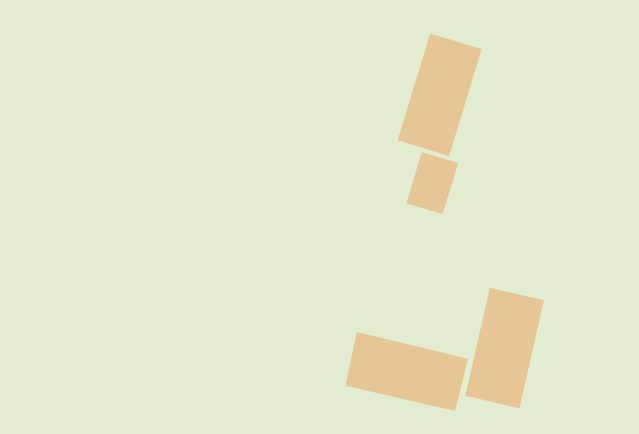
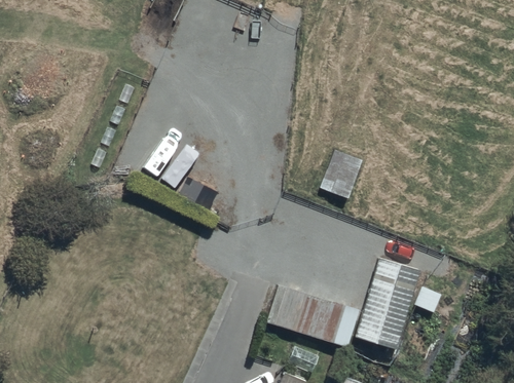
building: [397,33,482,157] -> none

